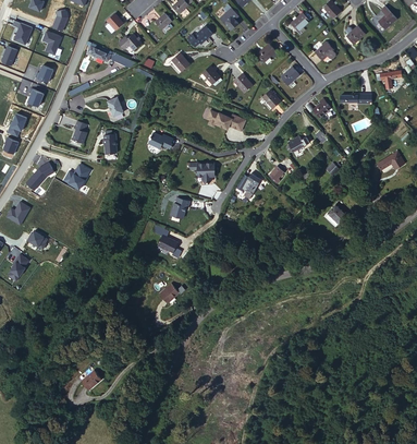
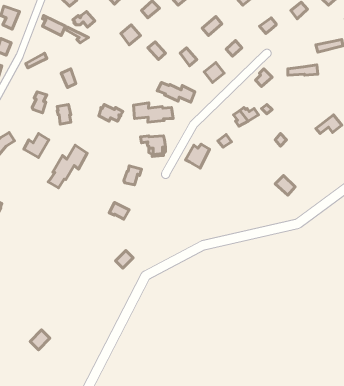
building: none -> [134,103,173,122]
building: none -> [48,145,87,188]

